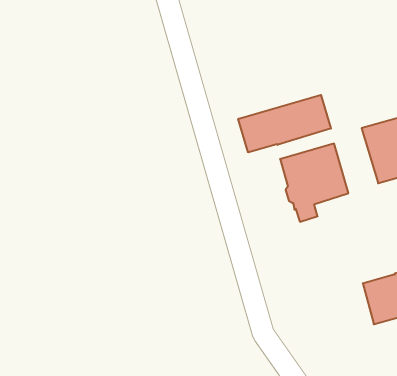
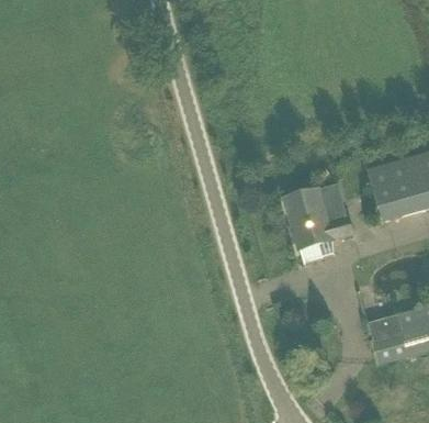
building: [238,95,331,152] -> none

